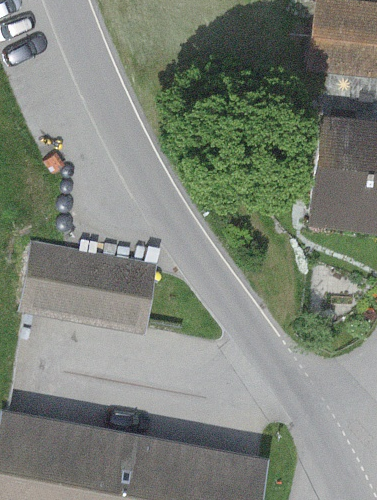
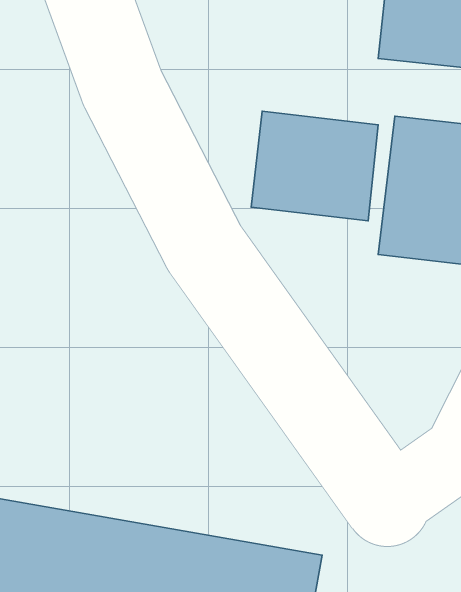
building: none -> [251,111,378,221]
building: [20,243,156,336] -> none

